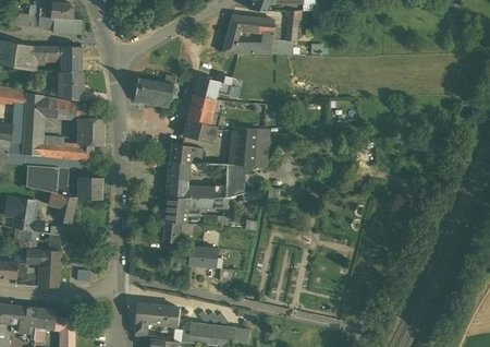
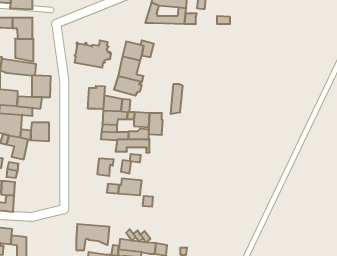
building: [234,128,257,166] -> none
building: none -> [88,86,105,109]
building: [164,198,187,223] -> none

